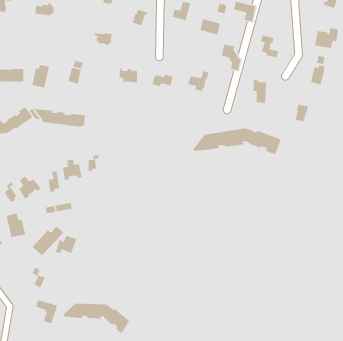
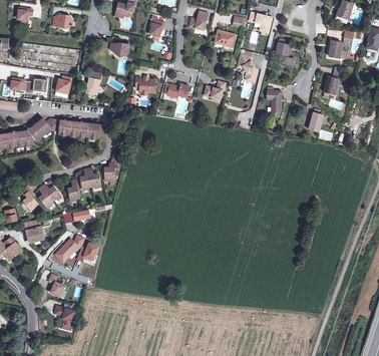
building: [192,127,282,155] -> none
building: [63,303,130,334] -> none

